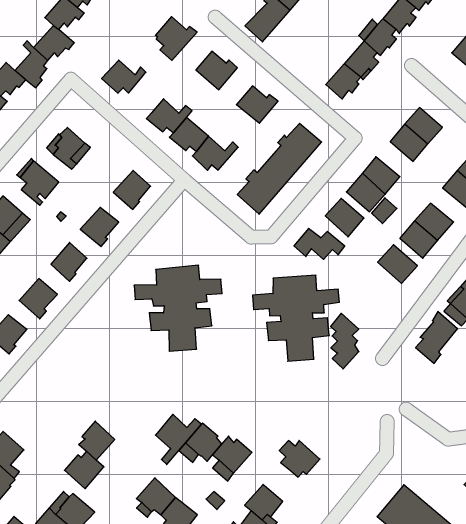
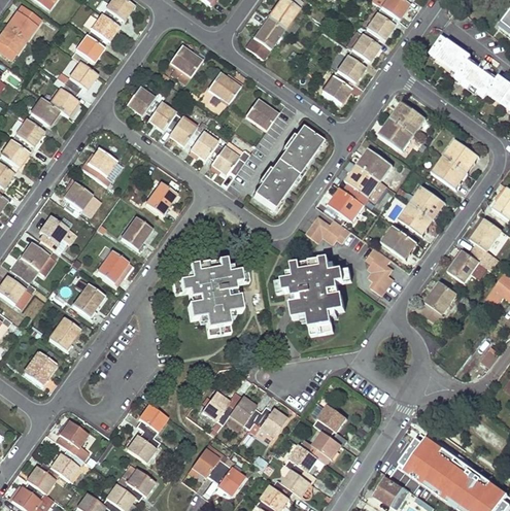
building: none -> [146,101,181,131]
building: [331,313,359,369] -> [366,246,393,295]
building: none -> [301,430,342,463]

